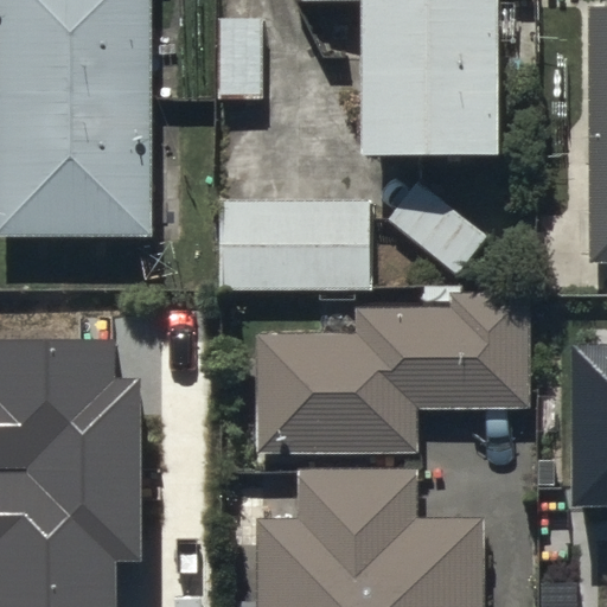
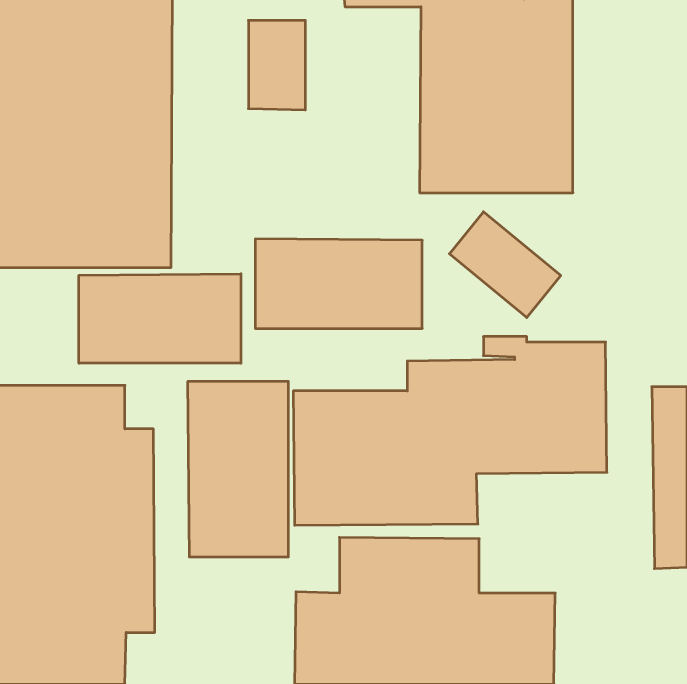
building: none -> [79,274,241,363]
building: none -> [188,381,288,557]

